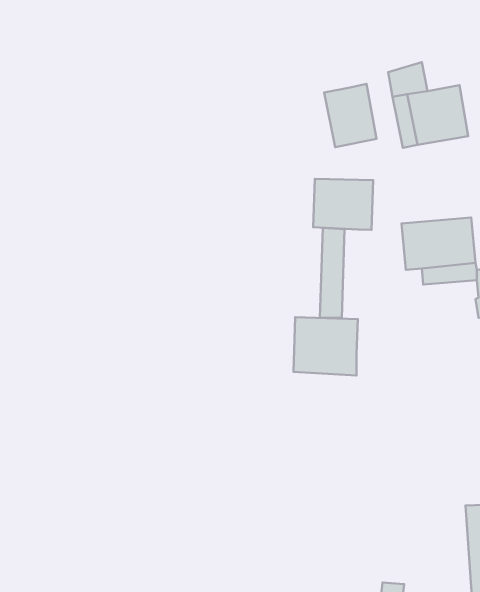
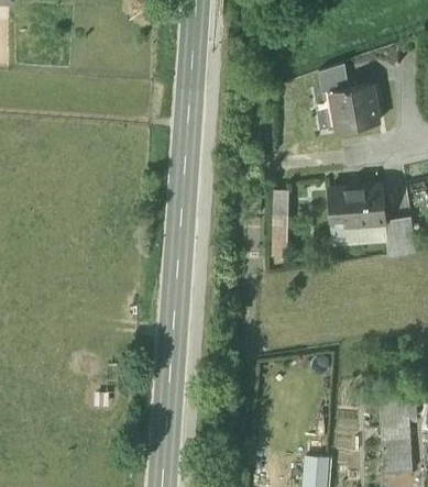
building: [324,84,376,147] -> none
building: [313,179,373,230] -> none
building: [294,317,358,375] -> none

